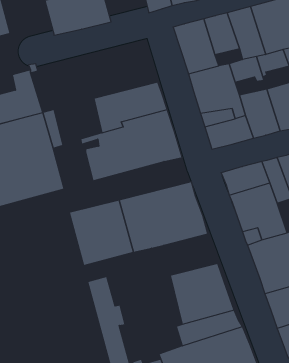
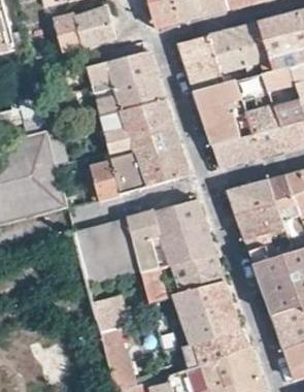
building: none -> [88,51,164,116]
building: none -> [139,253,225,302]

